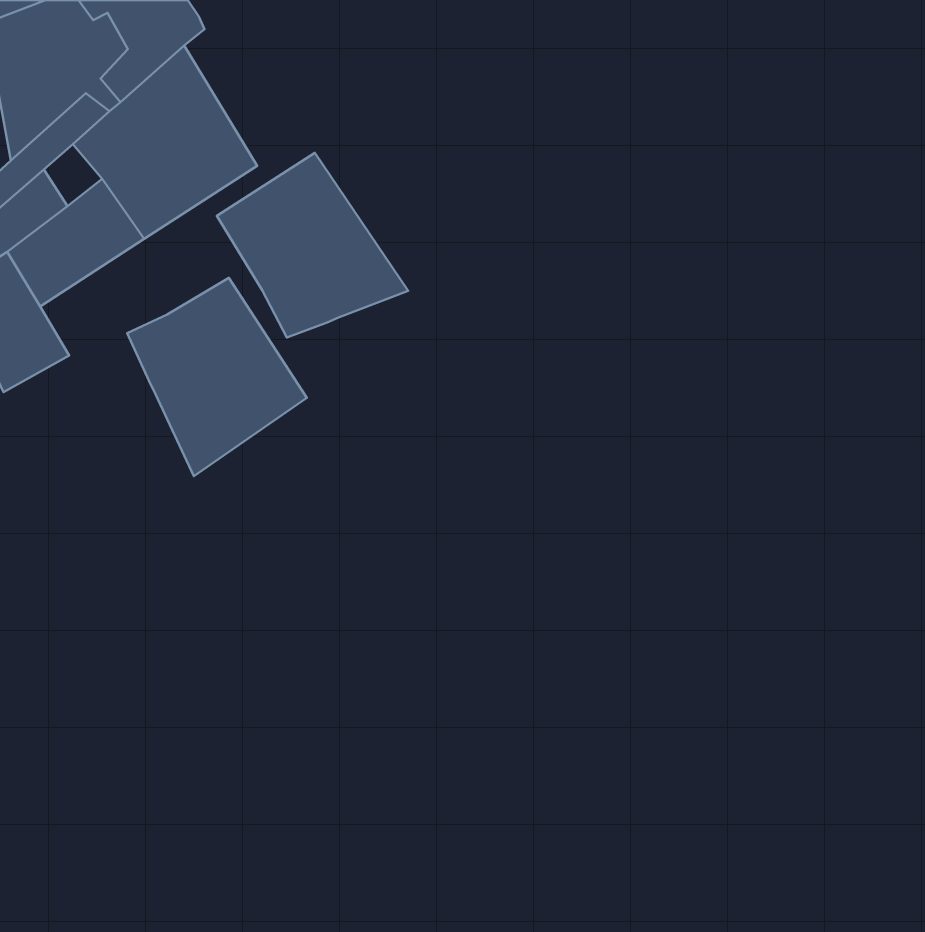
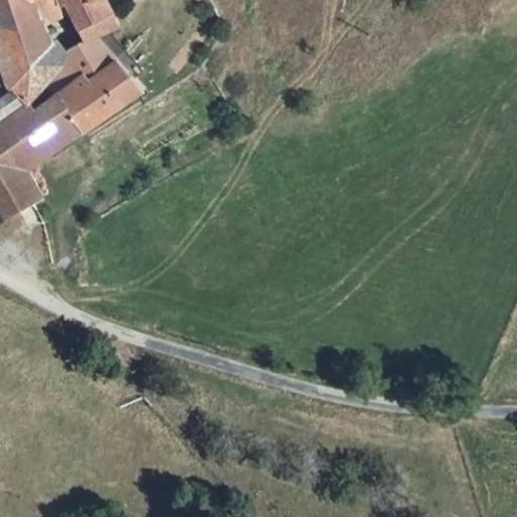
building: [217,153,408,338] -> none
building: [127,278,307,476] -> none

